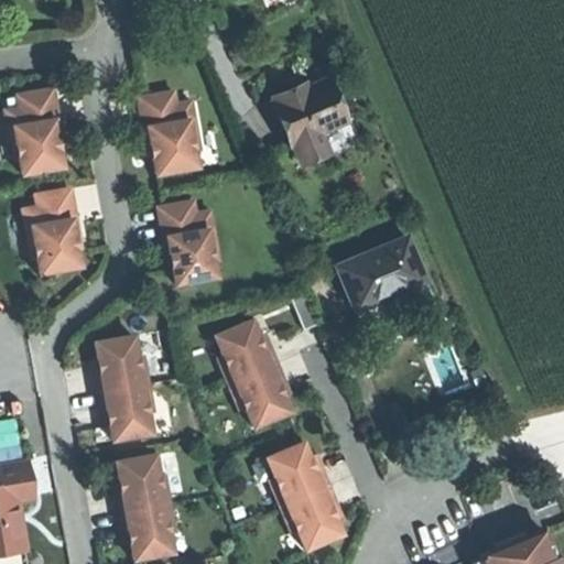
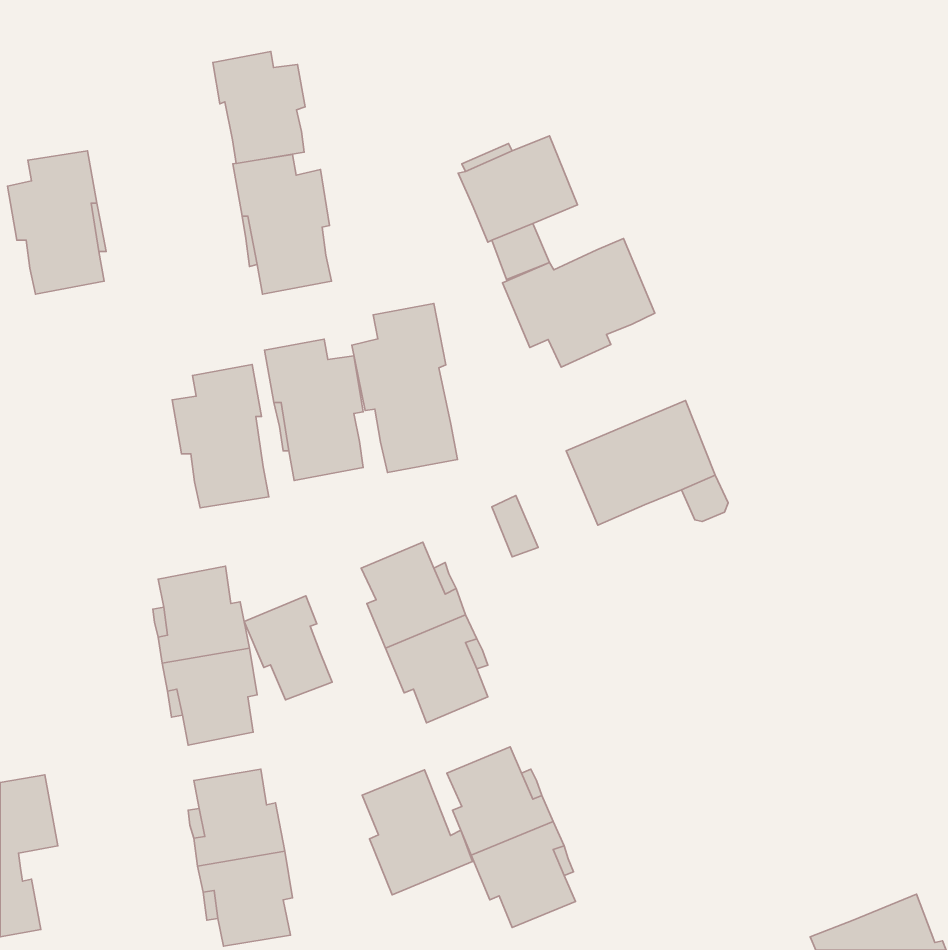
building: none -> [213,51,305,163]
building: none -> [503,239,655,367]
building: none -> [352,303,458,472]
building: [24,188,82,273] -> [172,364,269,508]
building: none -> [244,596,332,700]
building: none -> [362,770,473,895]

